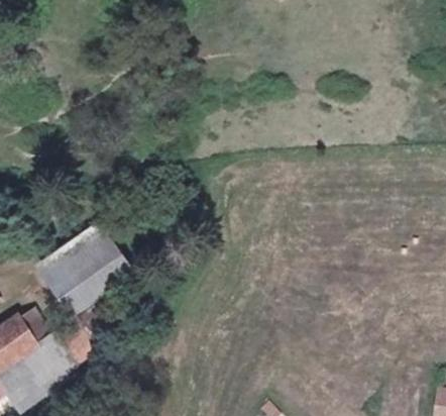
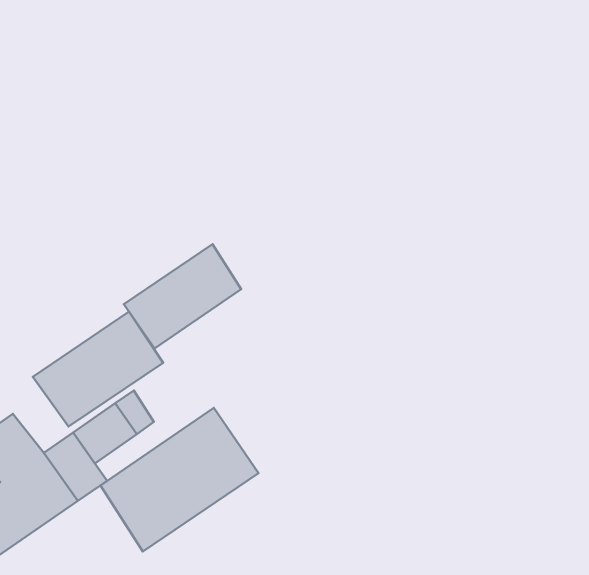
building: none -> [124,244,241,348]
building: none -> [100,408,259,552]

